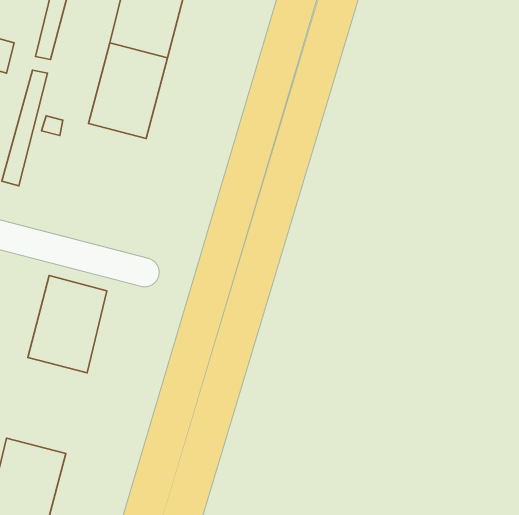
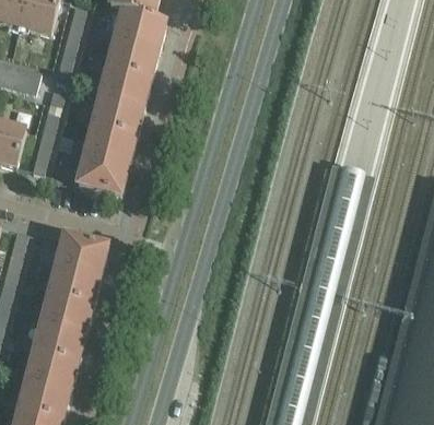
building: none -> [77,126,133,196]
building: none -> [33,294,91,363]

